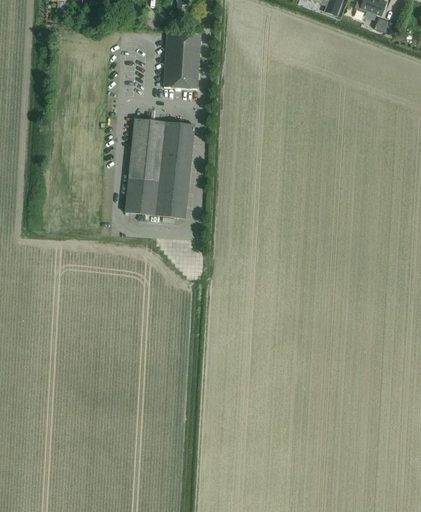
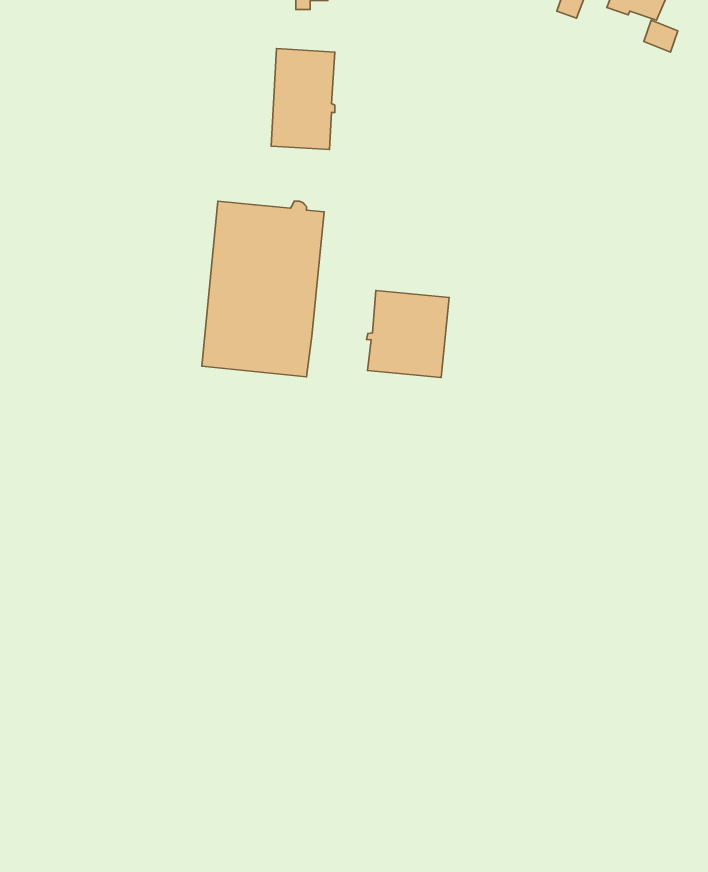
building: none -> [367,290,449,378]

